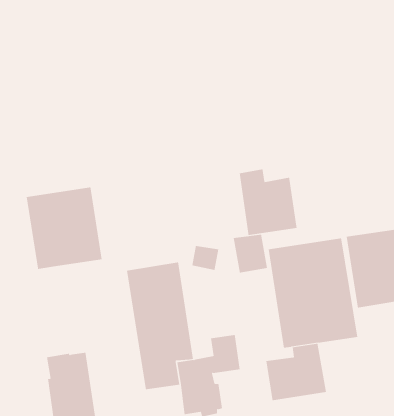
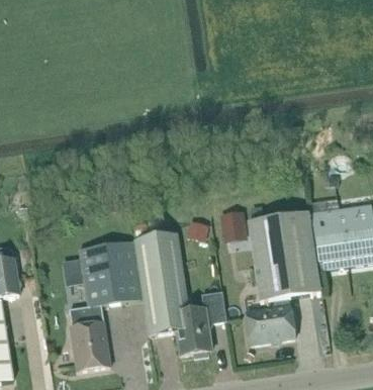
building: [239,169,297,236] -> none
building: [26,187,102,269] -> [79,239,141,306]

